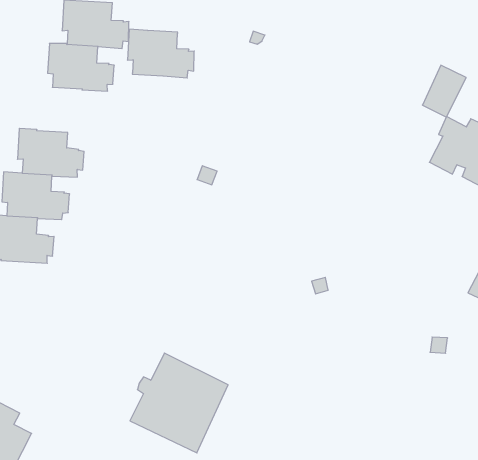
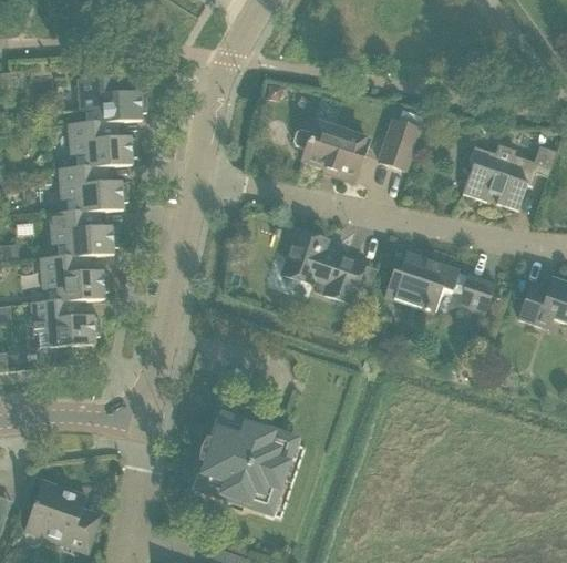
building: [127,29,194,78] -> [59,165,128,213]
building: [422,65,466,117] -> [380,120,420,171]
building: none -> [293,122,368,177]
building: none -> [287,229,364,303]
building: none -> [384,253,495,314]

